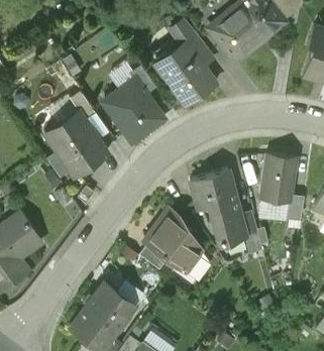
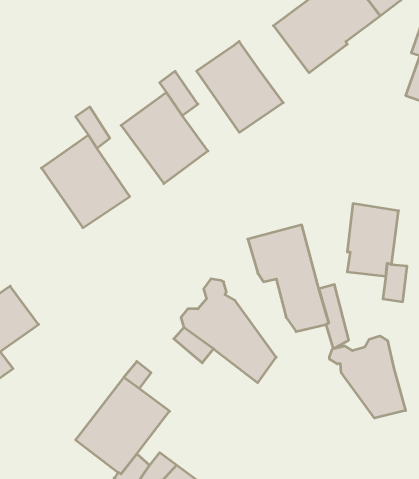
building: [170,16,211,60] -> none
building: none -> [330,336,406,418]

